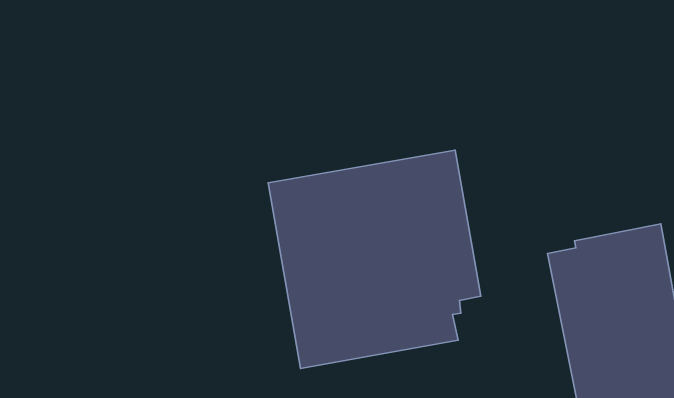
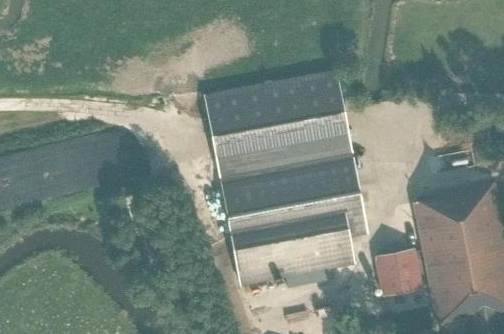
building: none -> [207,70,349,153]
building: none -> [375,250,420,296]

